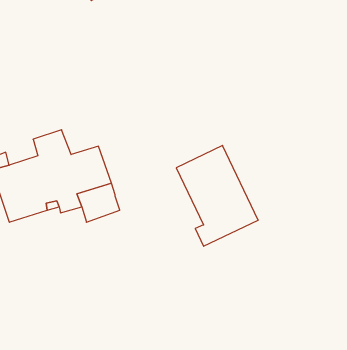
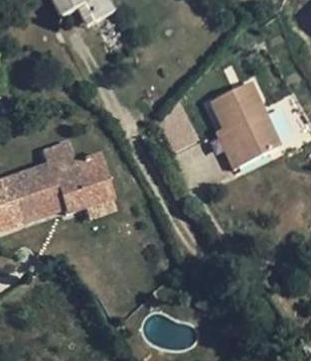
building: [176,145,258,246] -> [210,82,280,167]

